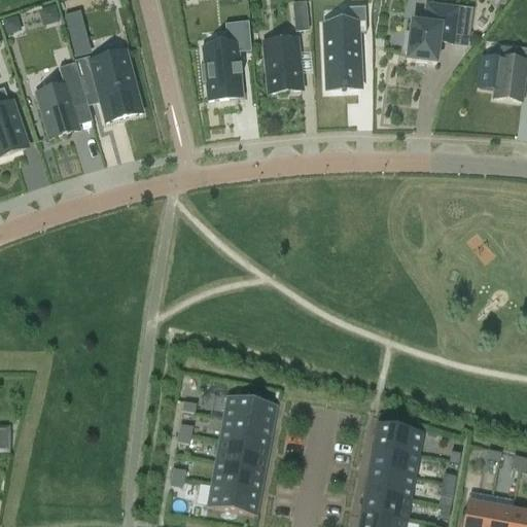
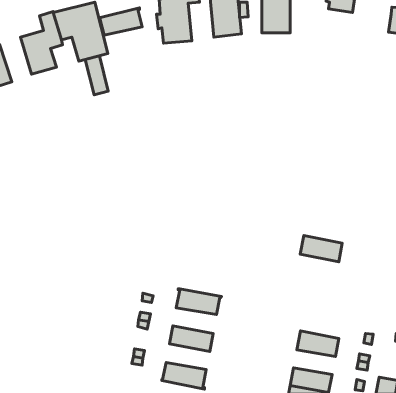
building: none -> [99,8,142,35]
building: none -> [85,56,108,95]
building: [219,417,272,448] -> none
building: [373,422,423,454] -> [300,235,342,262]
building: [211,460,264,491] -> none
building: [364,467,415,497] -> none

